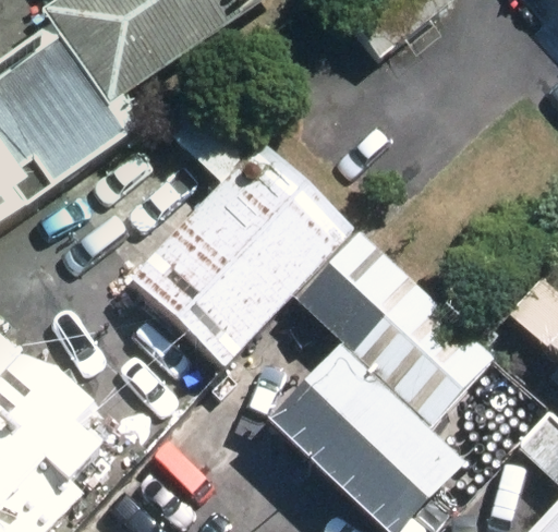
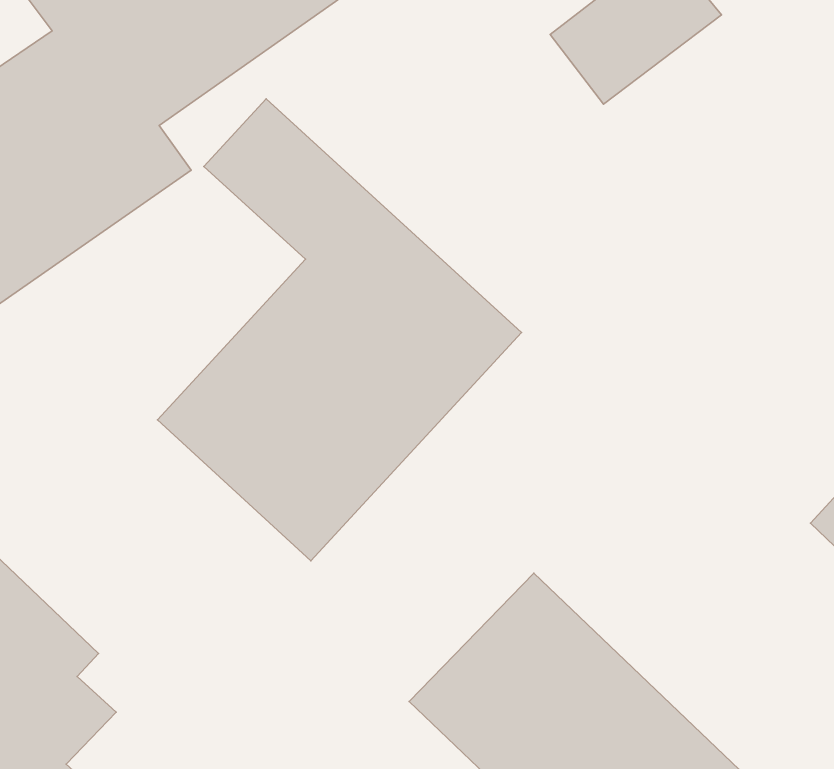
building: [310,250,508,442] -> none

